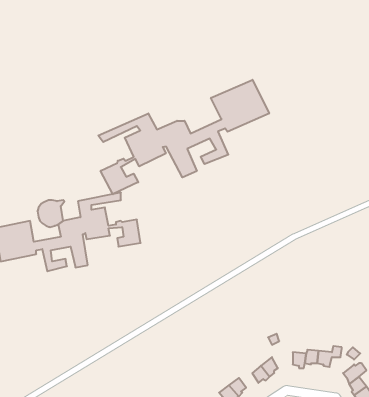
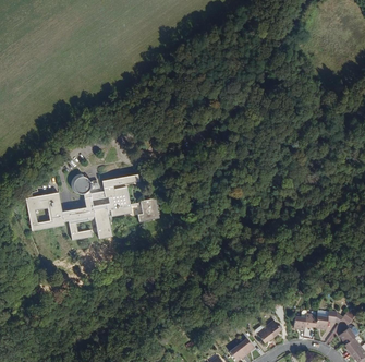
building: [98,80,269,194] -> none

